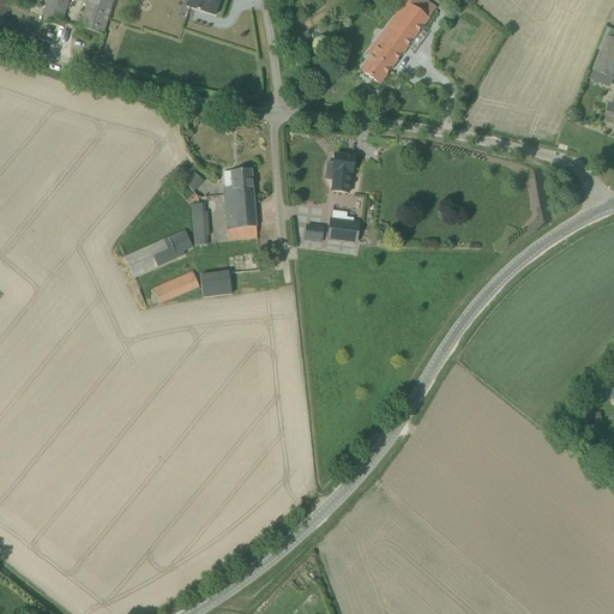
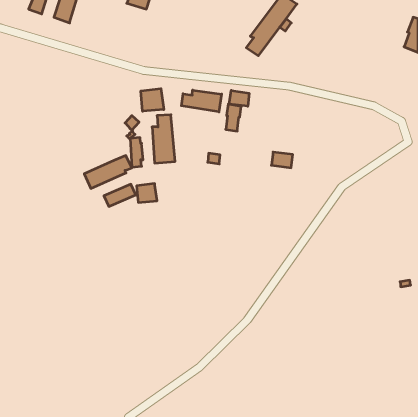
building: none -> [141,89,164,111]
building: none -> [181,90,222,112]
building: none -> [229,90,249,106]
building: [327,218,359,241] -> [271,152,293,168]

